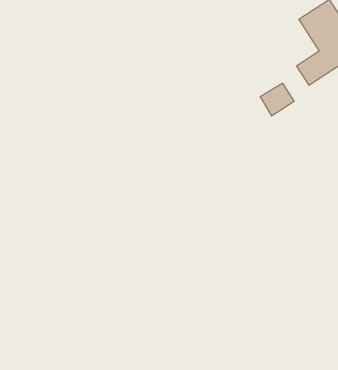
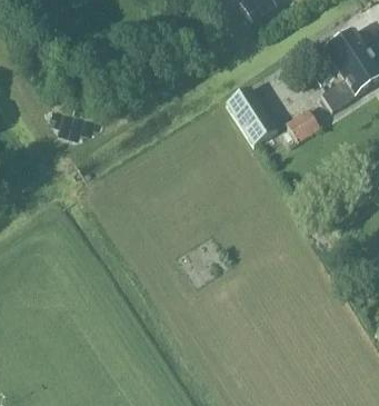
building: none -> [226,85,279,145]

